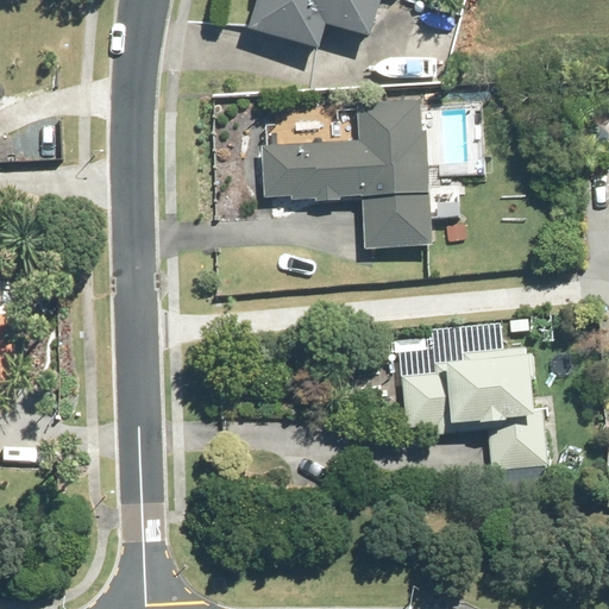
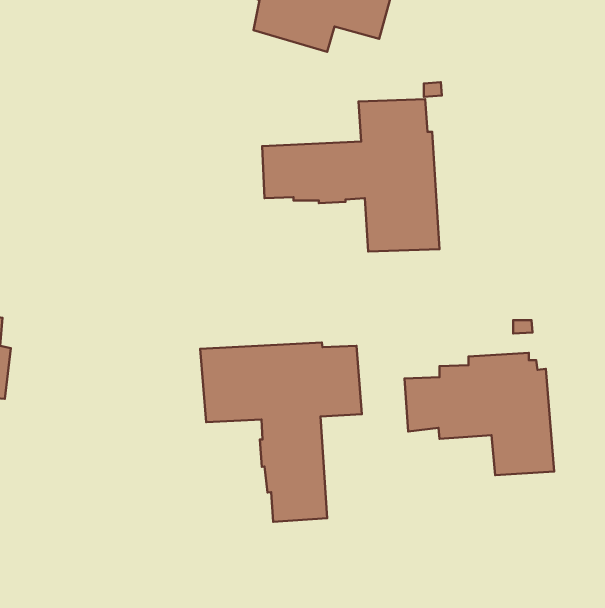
building: none -> [200,342,362,522]

